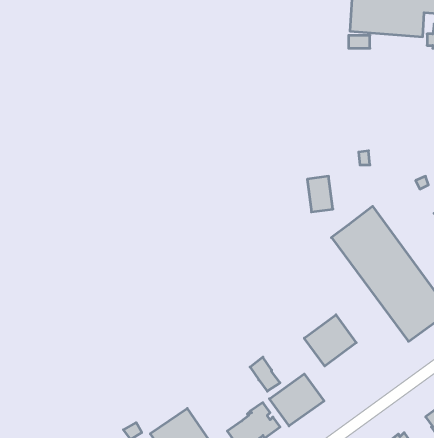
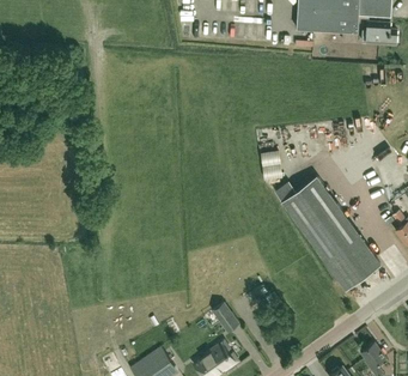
building: [304,315,356,366] -> none
building: [269,374,324,426] -> none

